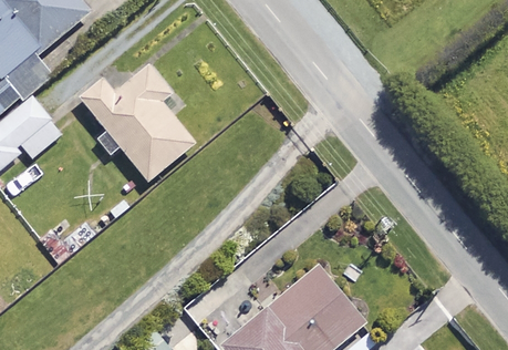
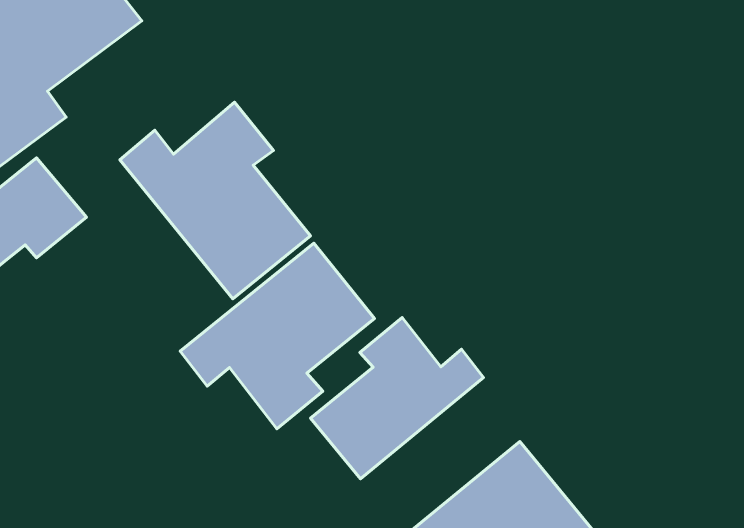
building: none -> [180,243,375,429]
building: none -> [311,317,484,479]

